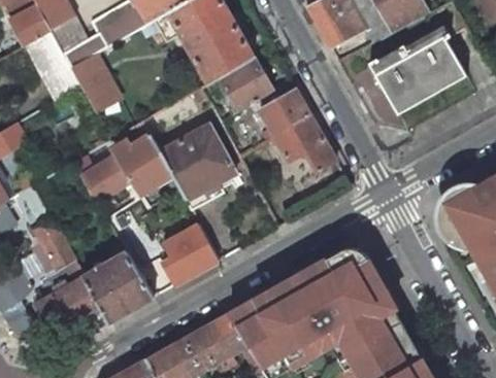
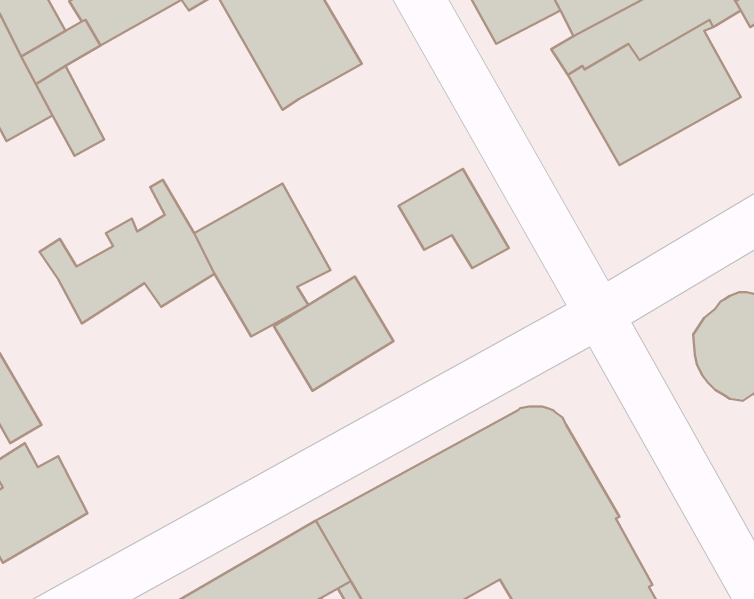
building: [219,57,272,114] -> none
building: [260,90,310,136] -> none
building: [153,222,220,286] -> [274,277,393,391]
building: [84,251,154,322] -> none

